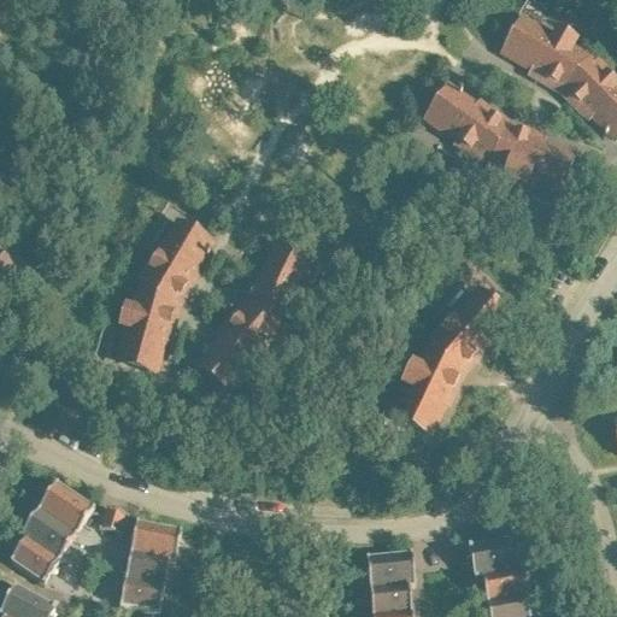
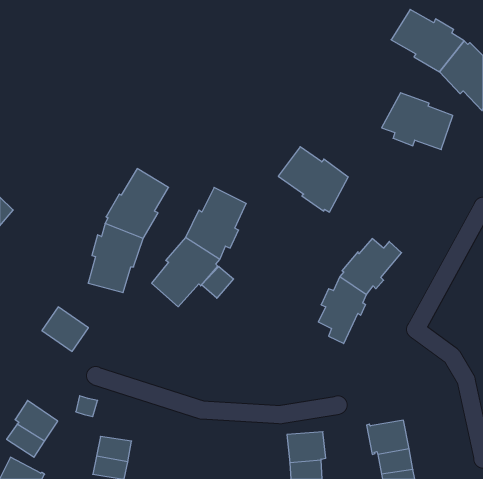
building: [421,80,510,163] -> [278,147,348,212]
building: none -> [202,266,234,298]
building: [35,480,94,536] -> [42,307,88,351]
building: [128,518,181,562] -> none

